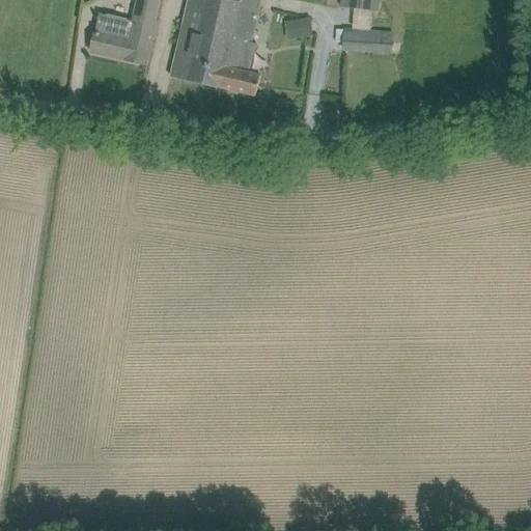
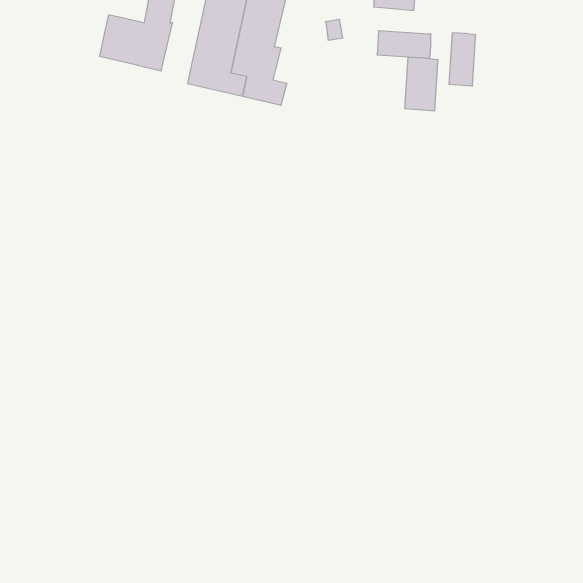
building: none -> [449,33,475,86]
building: none -> [405,57,438,111]

